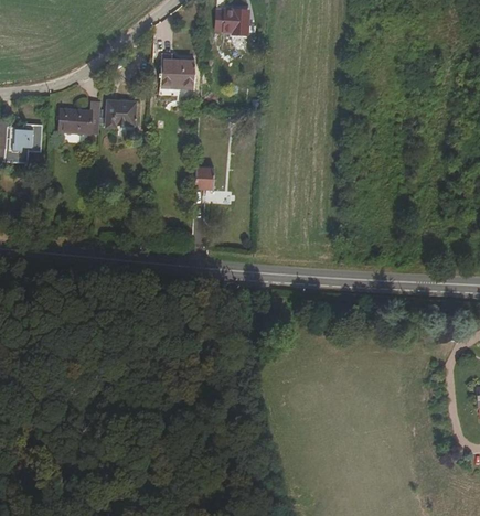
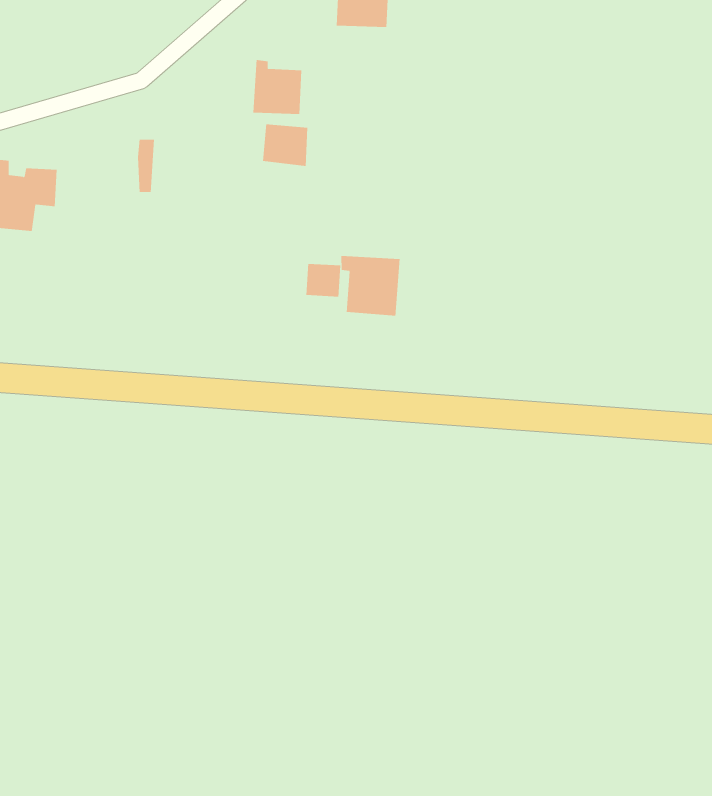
building: [106,97,135,123] -> [262,124,308,167]
building: [58,111,90,136] -> none
building: none -> [341,255,400,316]

